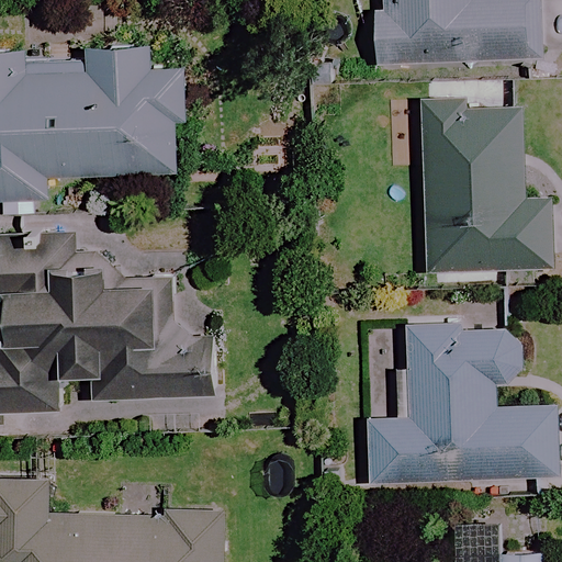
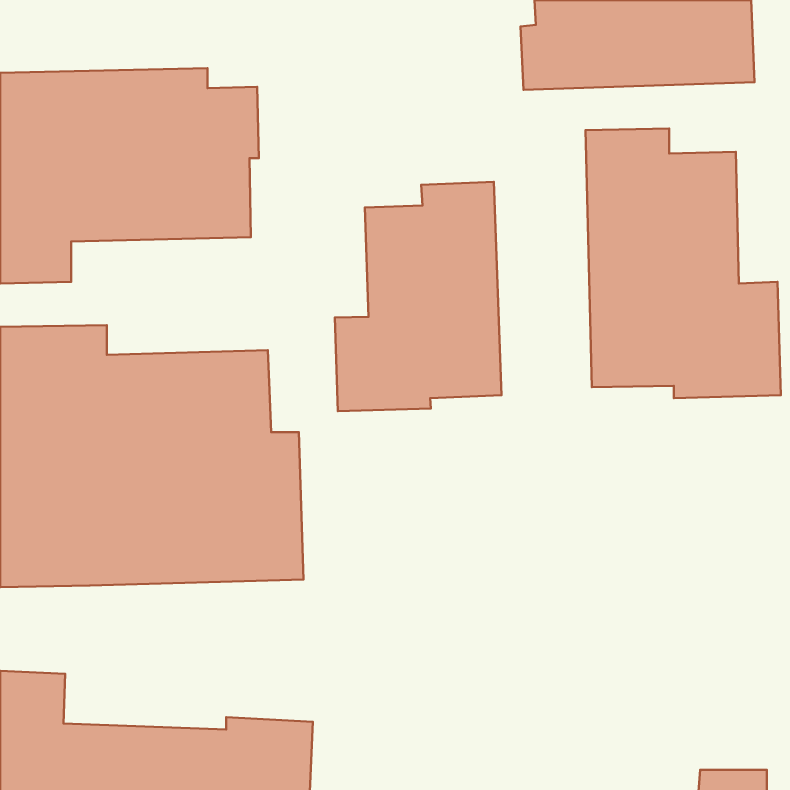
building: none -> [335,182,501,411]
building: [364,314,554,484] -> none

